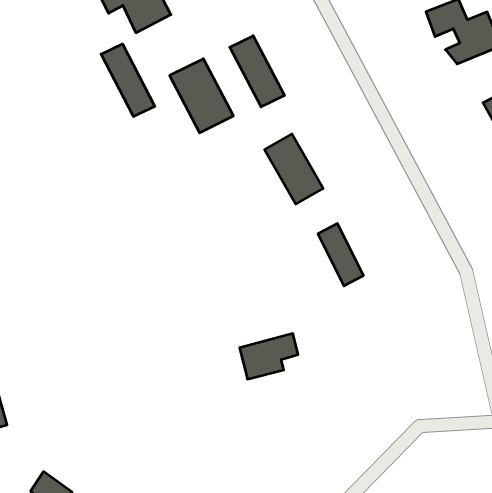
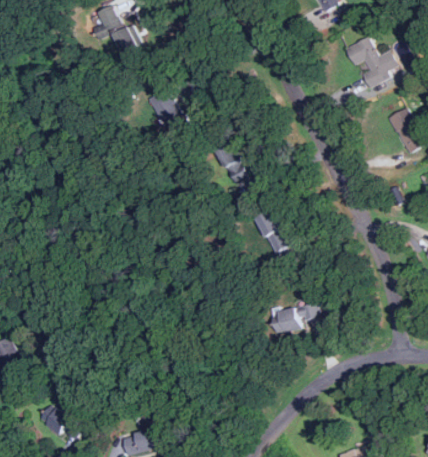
building: [230,36,284,107] -> none
building: [101,44,155,117] -> none
building: [240,334,298,379] -> [273,299,318,334]

